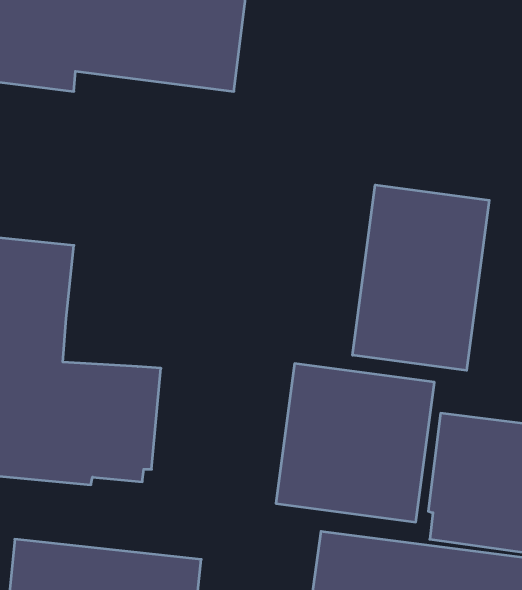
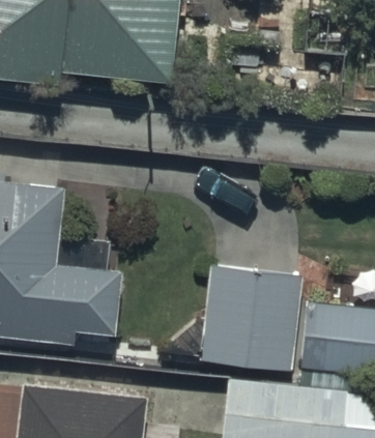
building: [353,185,489,370] -> none

